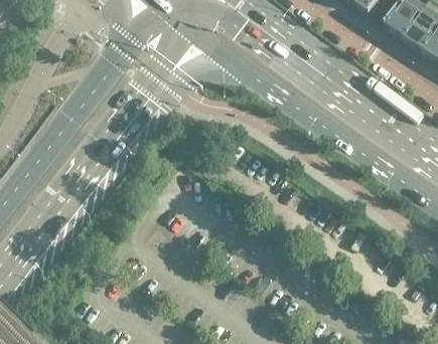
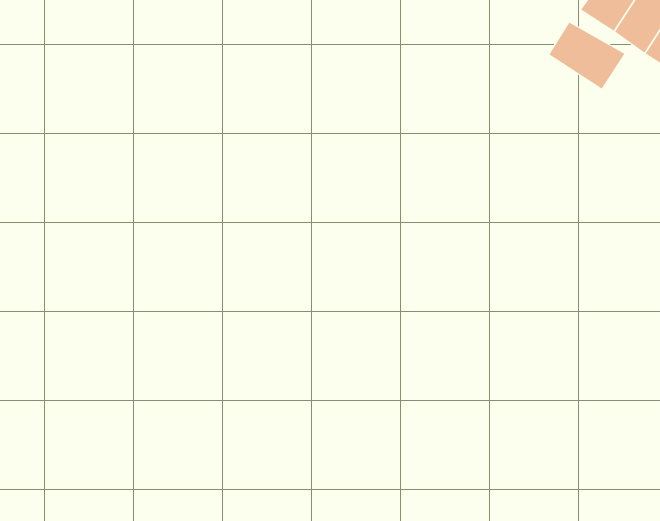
building: none -> [548,22,625,90]

